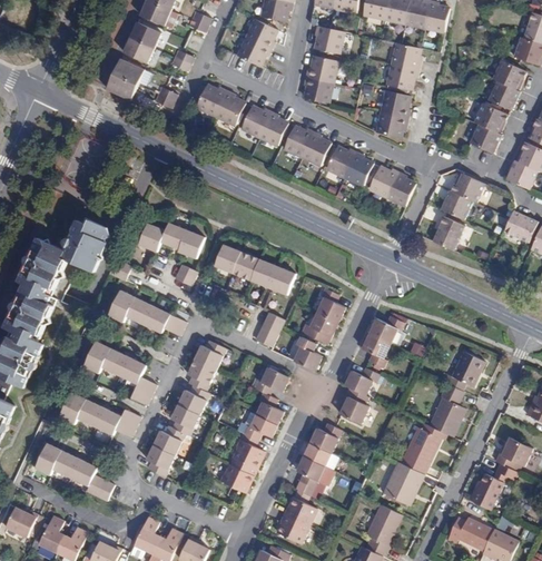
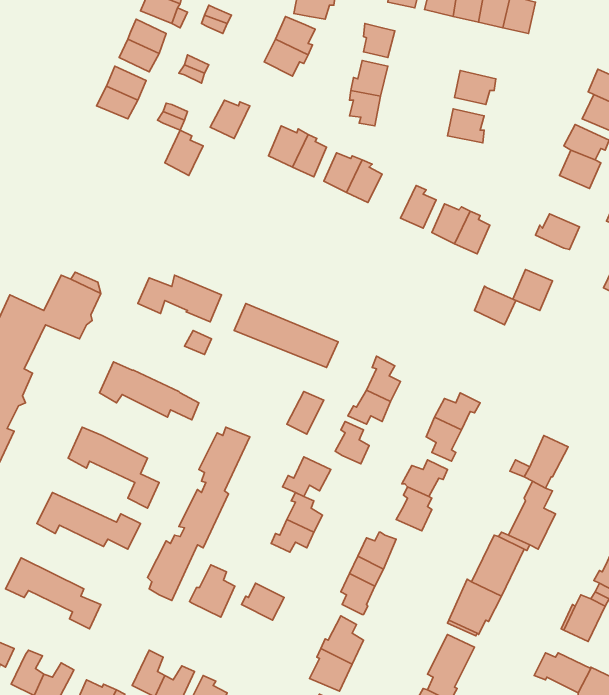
building: [391,42,421,68] -> none
building: [214,89,244,125] -> [165,130,203,176]
building: [376,112,408,137] -> none
building: [326,146,356,177] -> none
building: [440,189,472,219] -> [475,286,516,325]
building: [228,433,264,474] -> [189,565,235,617]

